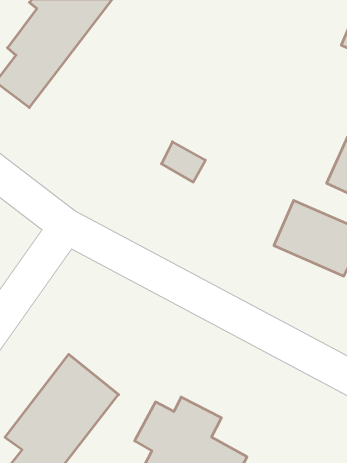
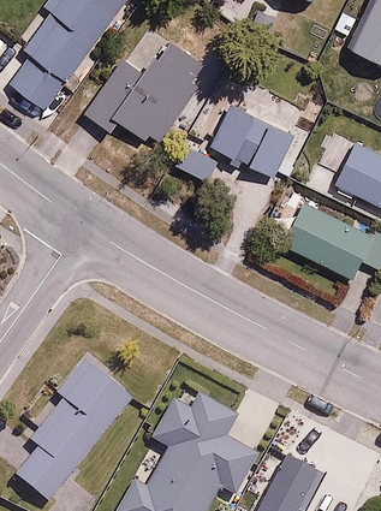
building: none -> [87,38,202,141]
building: none -> [210,105,294,174]

